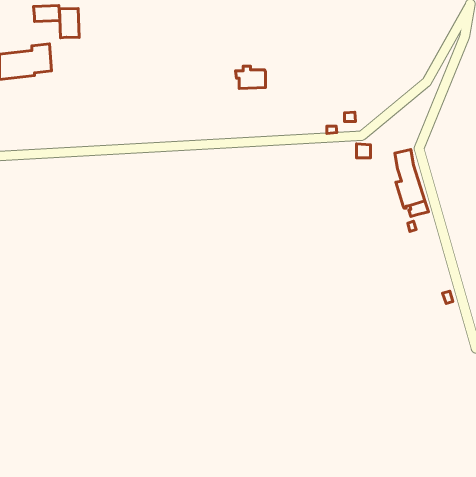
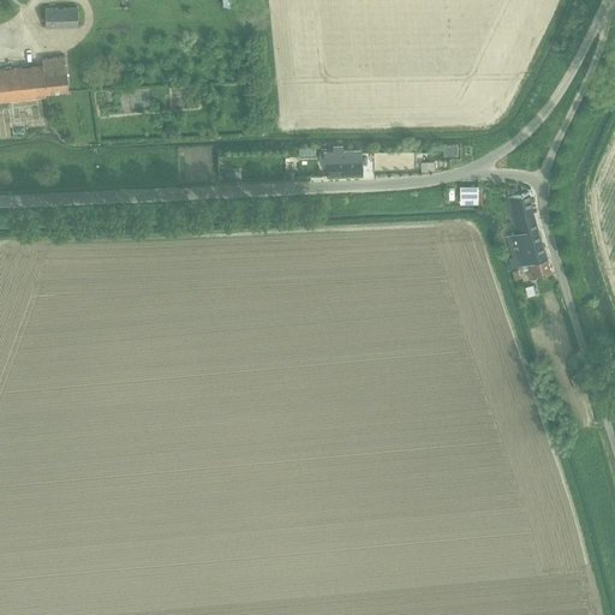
building: [59,8,79,38] -> none
building: [236,66,265,89] -> [322,147,360,175]

